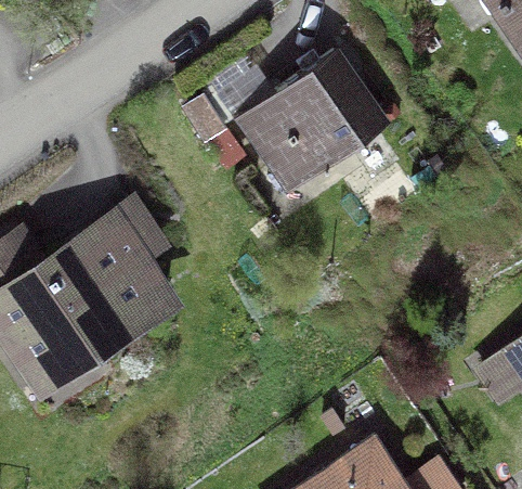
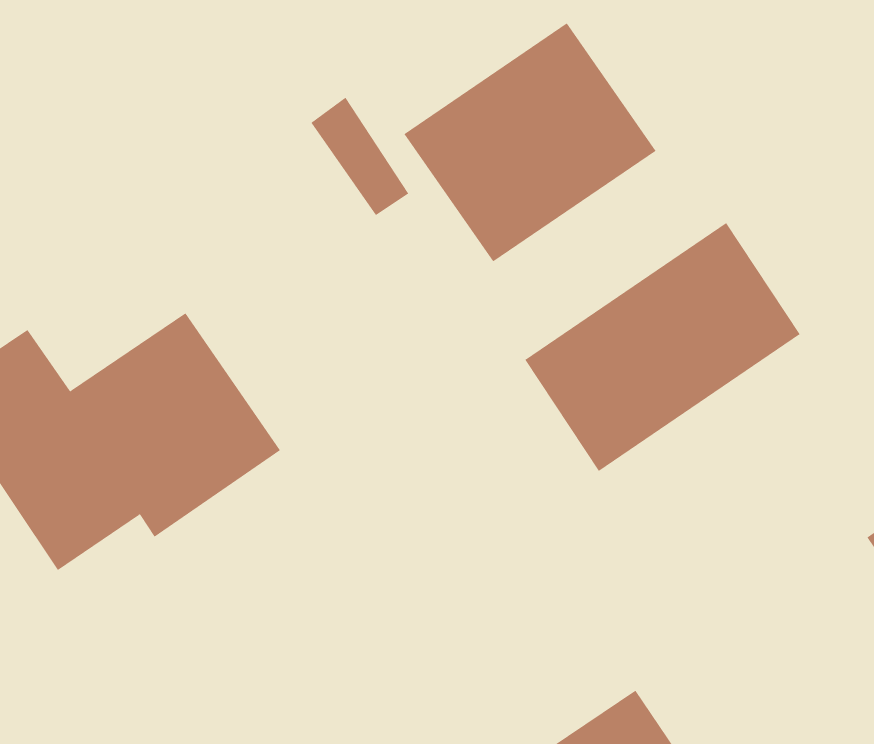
building: none -> [525,222,801,472]

